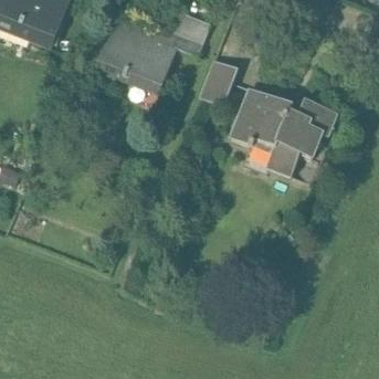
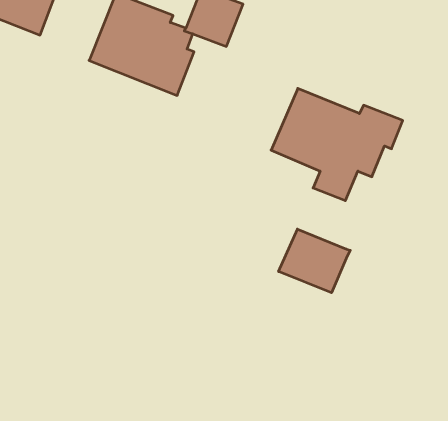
building: [198,59,239,104] -> none
building: none -> [279,229,350,293]

